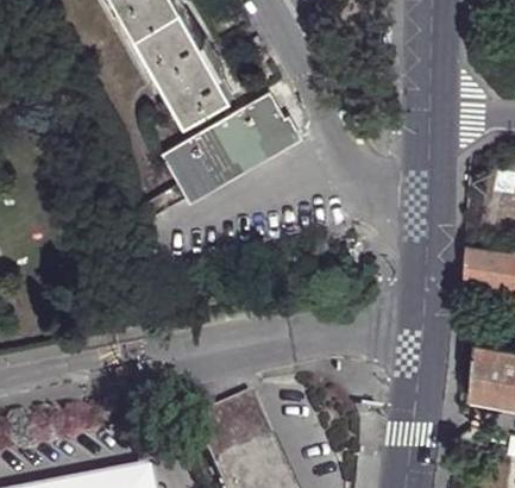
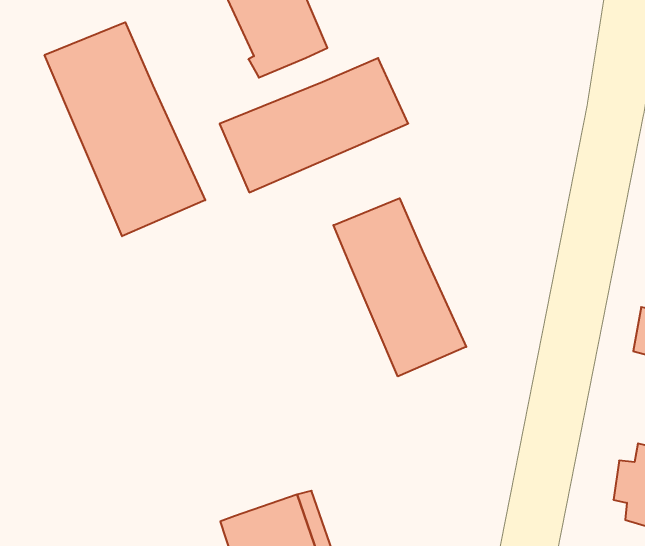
building: none -> [45,22,205,236]
building: none -> [333,198,466,376]

